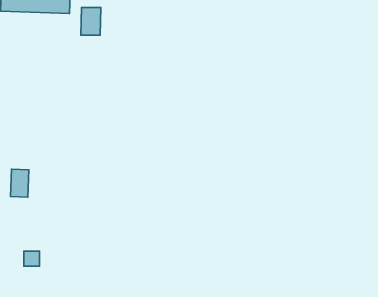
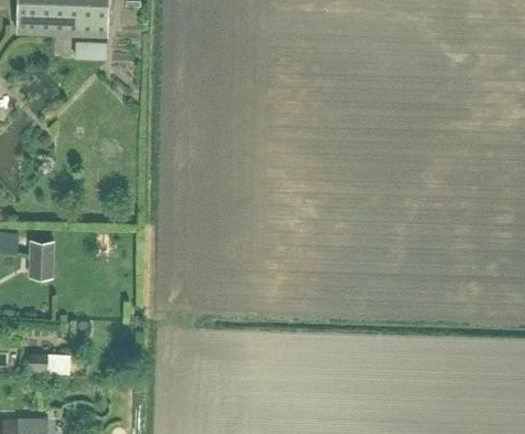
building: [81,7,101,35] -> none

